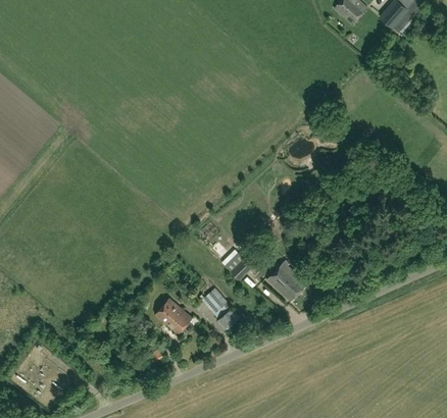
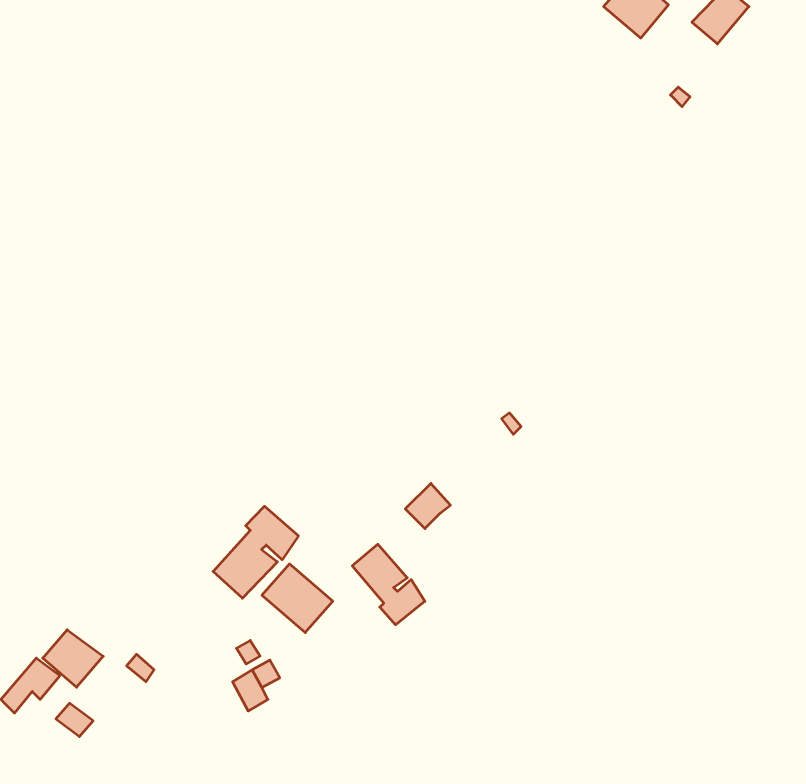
building: [267,262,307,302] -> none
building: none -> [213,506,298,598]
building: none -> [43,630,103,687]

